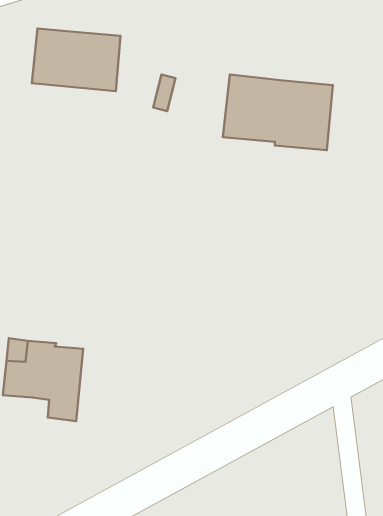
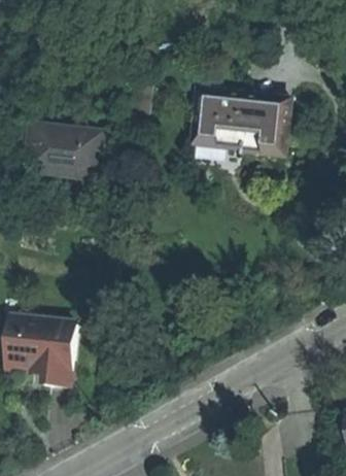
building: [32,29,120,91] -> [26,122,103,176]

